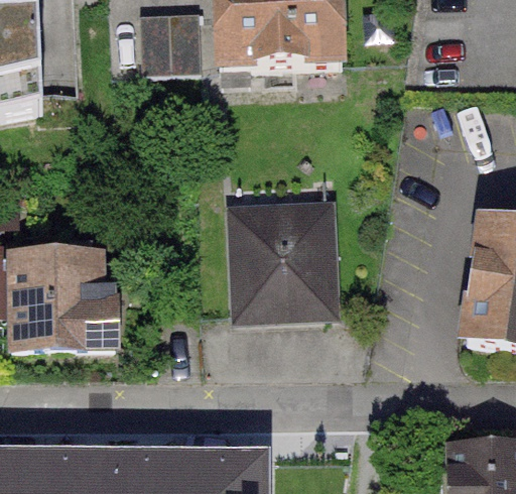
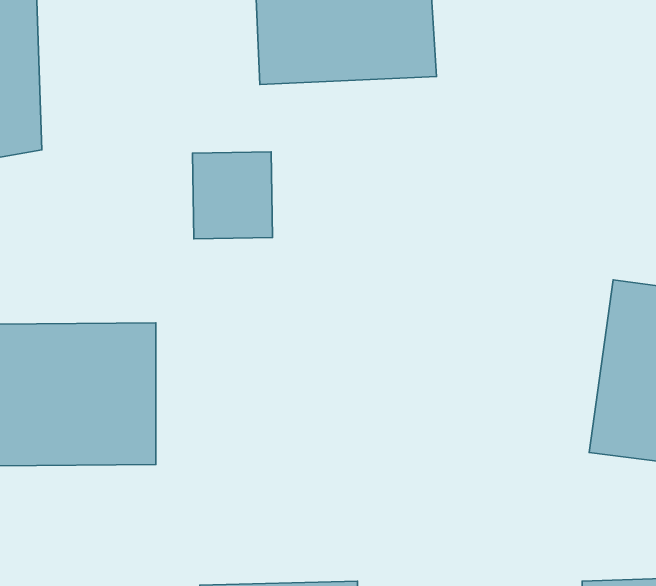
building: [138,14,199,80] -> [192,152,273,239]
building: [222,202,342,323] -> none

